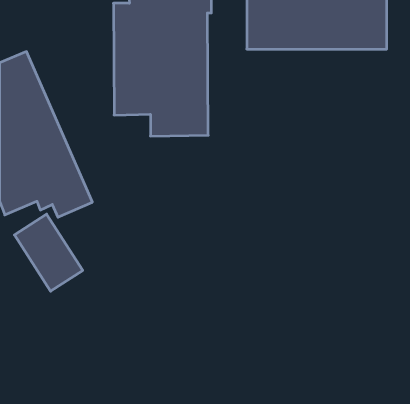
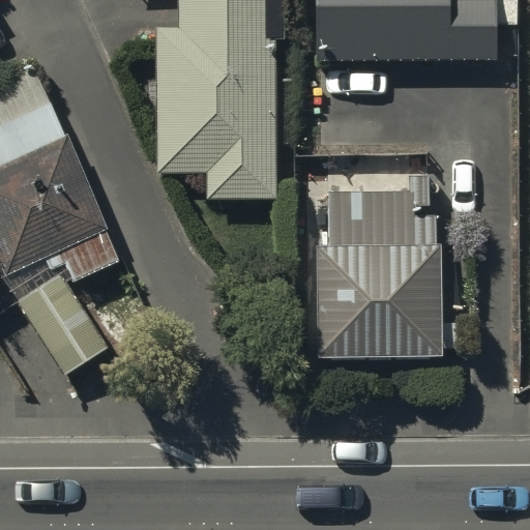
building: none -> [318,176,464,357]

